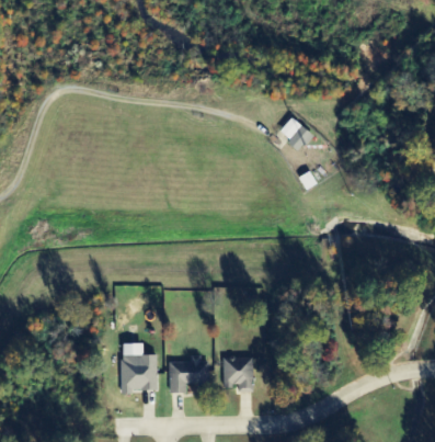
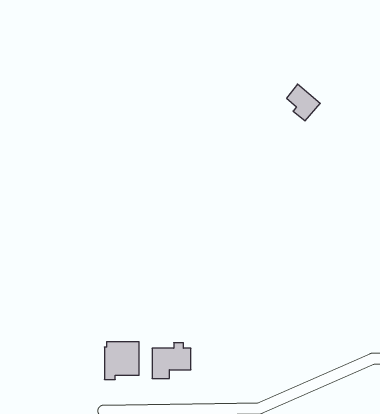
building: [279,116,313,154] -> [287,84,320,121]
building: [222,356,252,389] -> none

